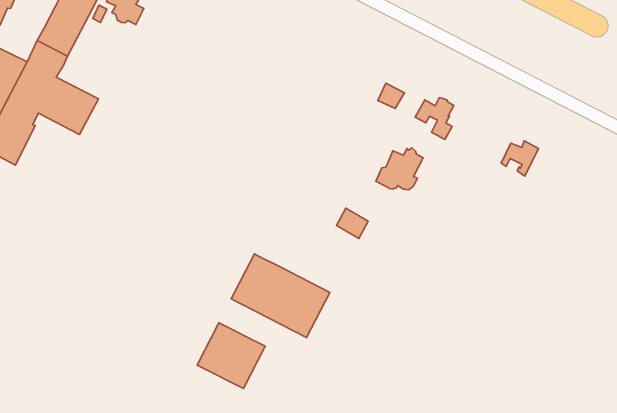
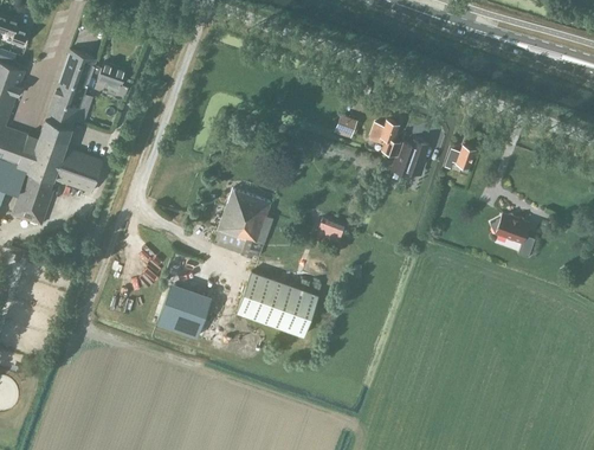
building: [376,148,423,190] -> [393,137,430,174]
building: none -> [214,188,271,257]
building: none -> [491,212,536,257]
building: [197,323,265,389] -> [156,284,211,336]

